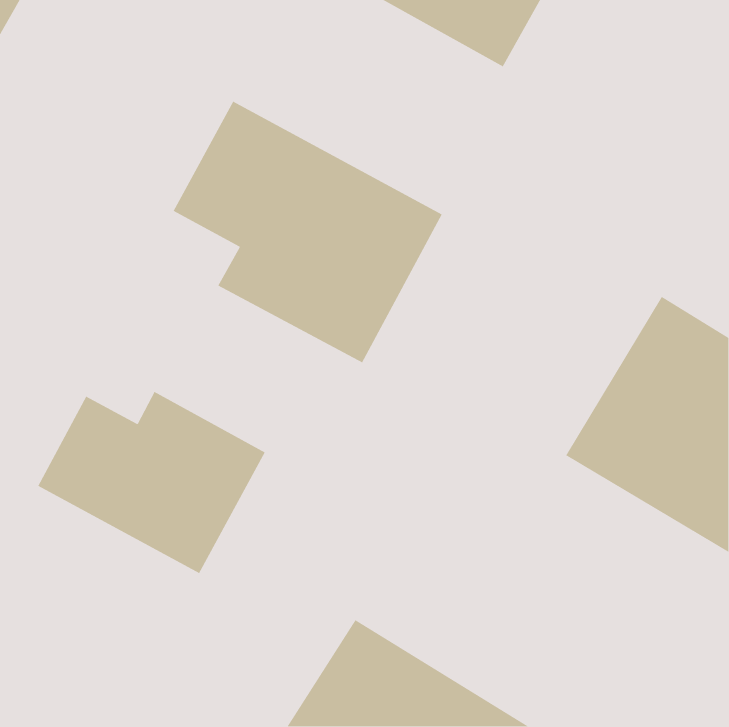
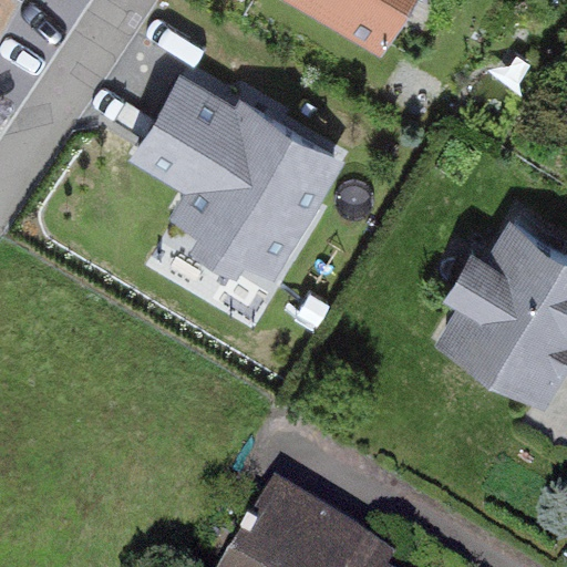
building: [37,391,266,574] -> none

